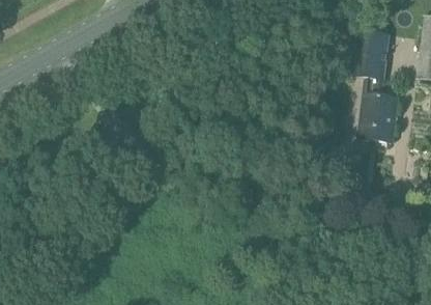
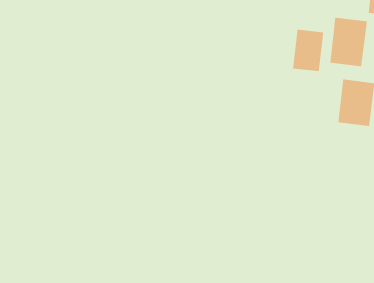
building: none -> [292,29,324,72]

